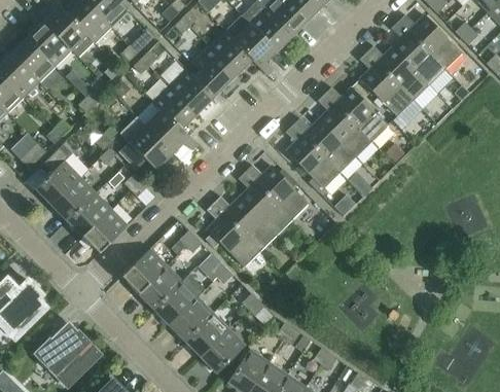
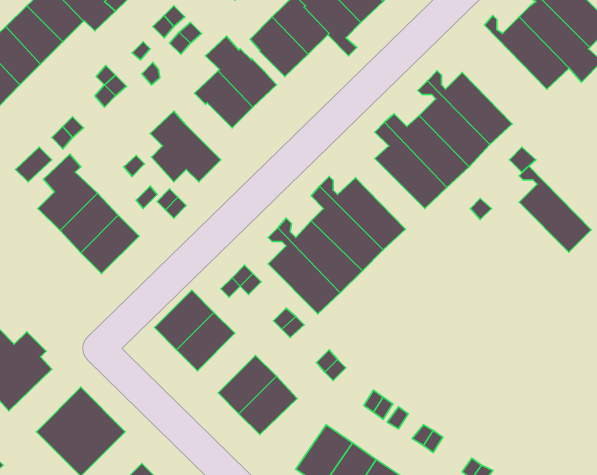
building: [360,52,414,116] -> [519,166,591,252]
building: [145,110,197,152] -> none
building: [83,209,128,253] -> none
building: [154,274,205,325] -> none
building: [201,329,245,373] -> none

